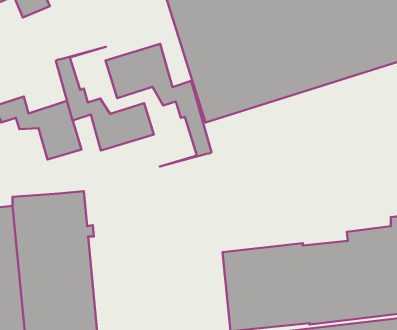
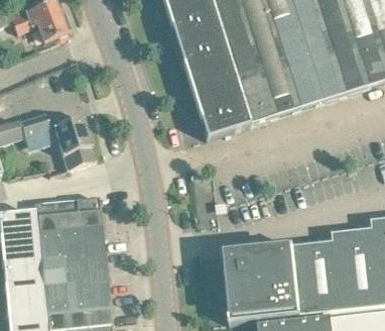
building: [106,44,211,167] -> none
building: [56,47,154,151] -> none

